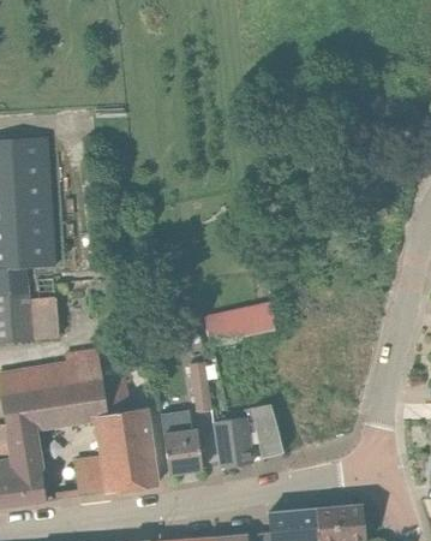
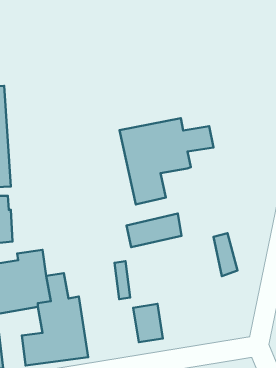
building: none -> [119,118,213,204]
building: [252,403,283,458] -> [213,233,238,276]
building: [160,410,205,474] -> none

